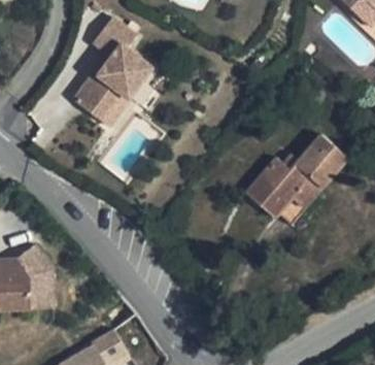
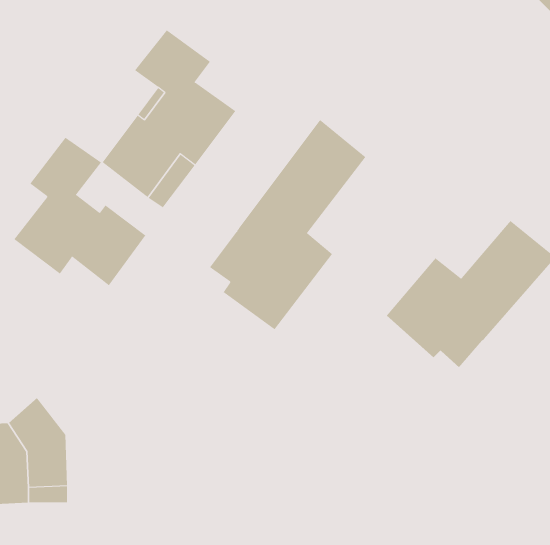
building: none -> [209,119,366,330]
building: none -> [13,137,146,286]

